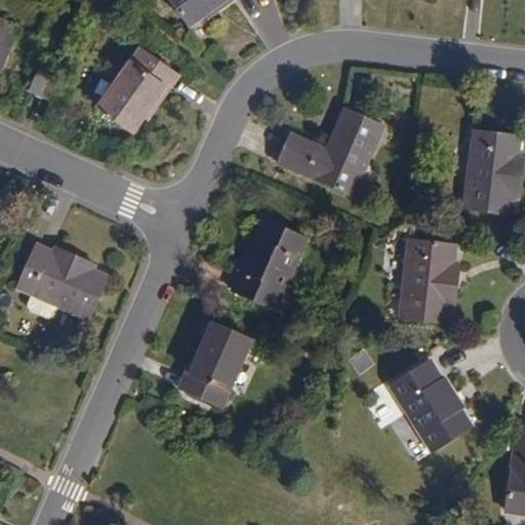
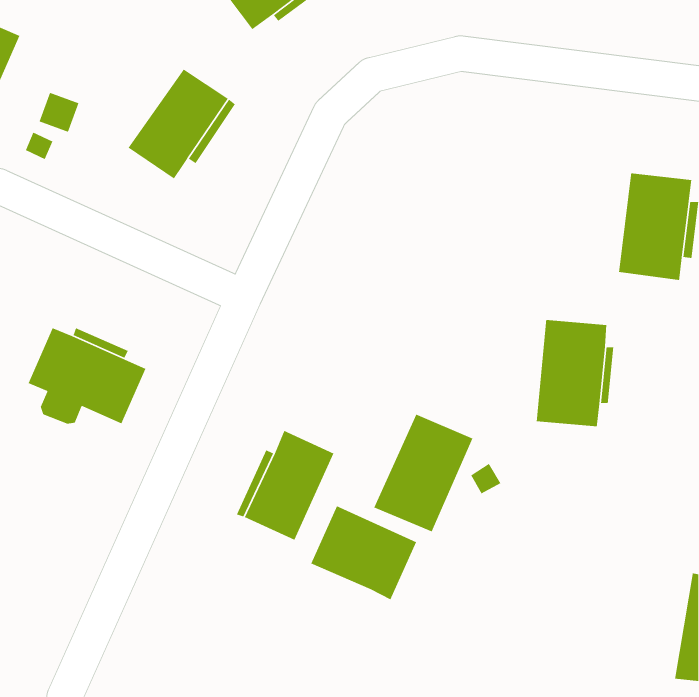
building: [280,107,383,192] -> none
building: [232,219,307,309] -> [373,413,473,533]
building: [391,361,473,452] -> none
building: none -> [310,505,417,600]

